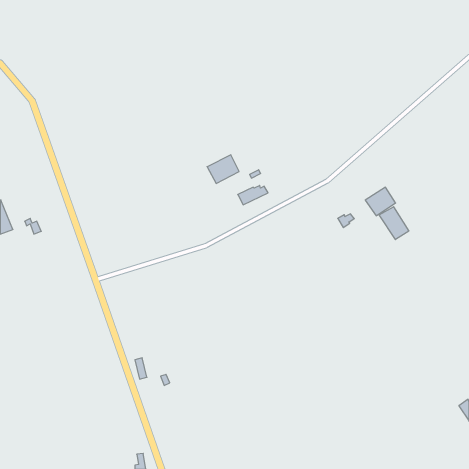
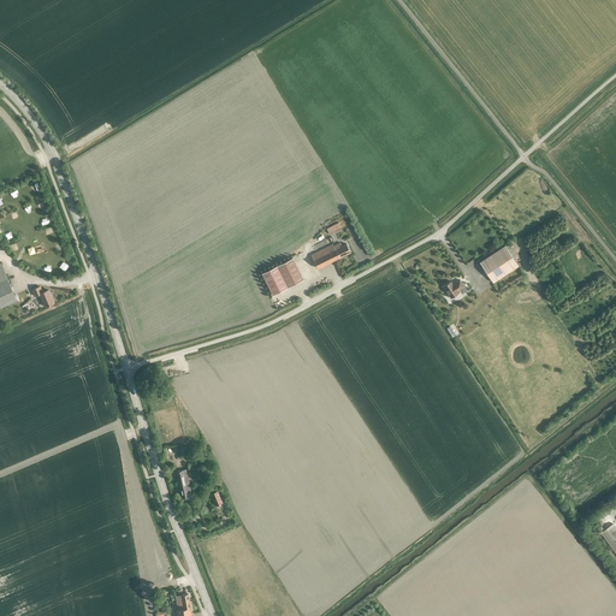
building: [207,155,239,183] -> [261,257,303,295]
building: [379,207,409,240] -> none

